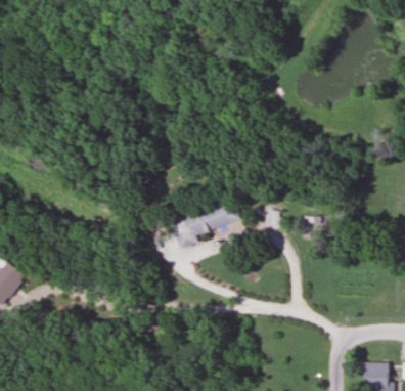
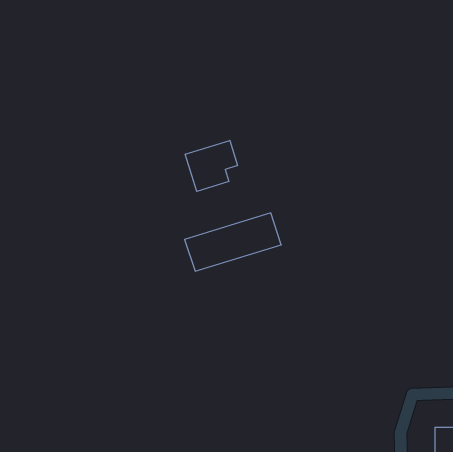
building: none -> [185,140,237,191]

